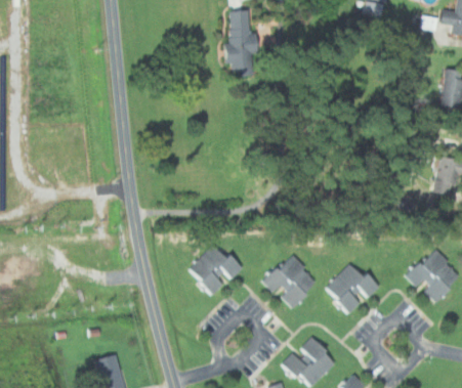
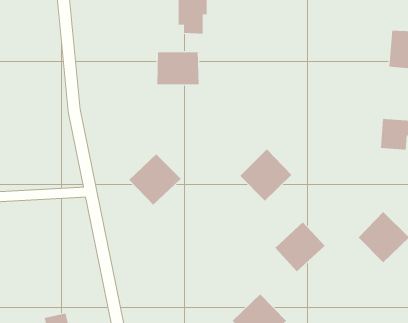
building: none -> [157,51,199,85]
building: [188,243,242,295] -> [129,154,181,205]
building: [262,254,316,307] -> [239,149,292,201]

